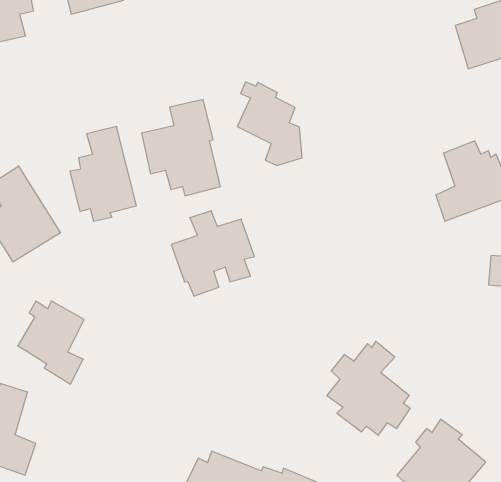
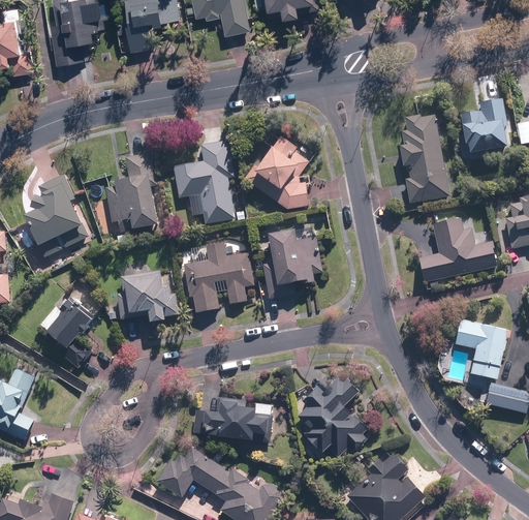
building: none -> [399,113,445,203]
building: none -> [260,228,321,299]
building: none -> [116,263,178,323]
building: none -> [193,397,272,439]

